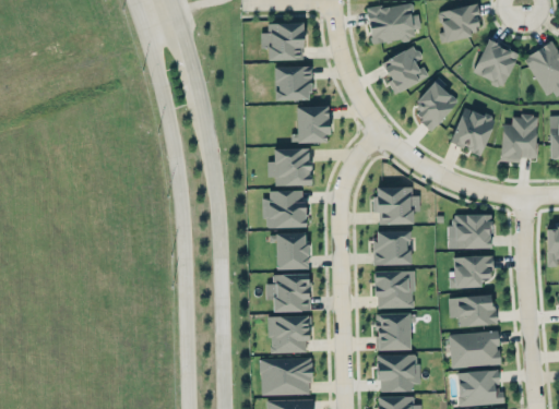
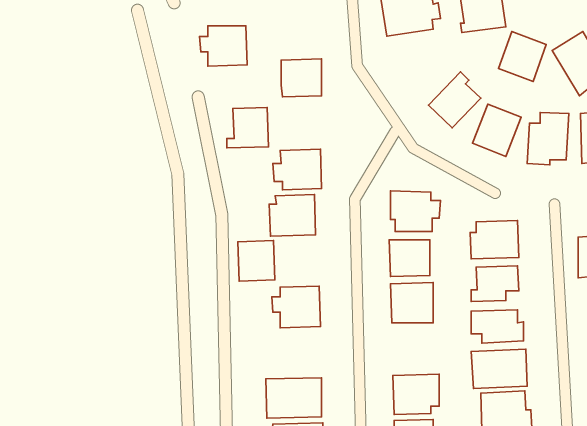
building: [261,23,305,60] -> [200,26,247,66]
building: [383,46,429,94] -> none
building: [292,106,330,143] -> [227,107,268,148]
building: [275,232,309,269] -> [238,241,275,281]
building: [377,313,412,350] -> none
building: [270,315,310,352] -> none

